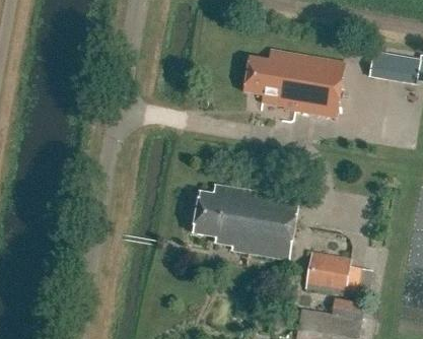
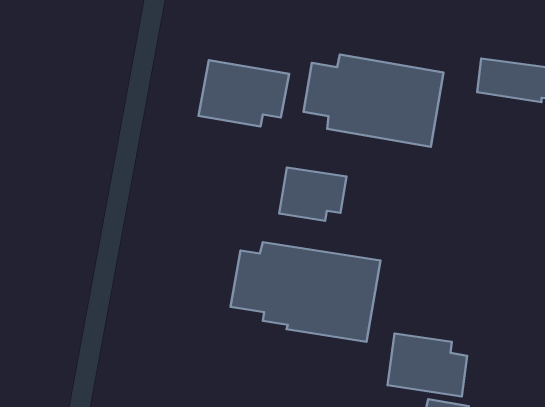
building: none -> [198,60,289,127]
building: none -> [279,167,347,221]

